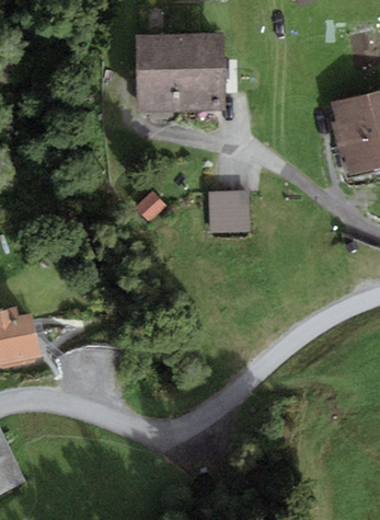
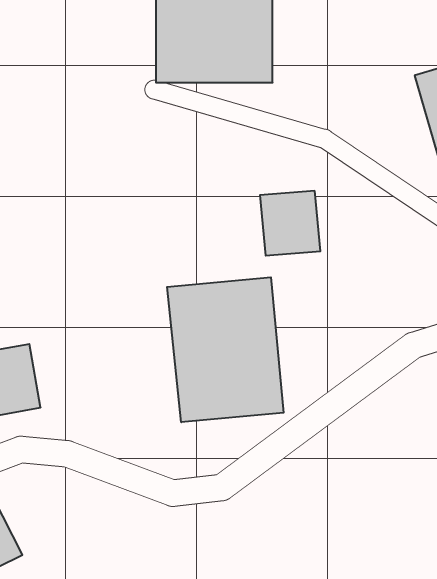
building: none -> [167,277,284,422]

